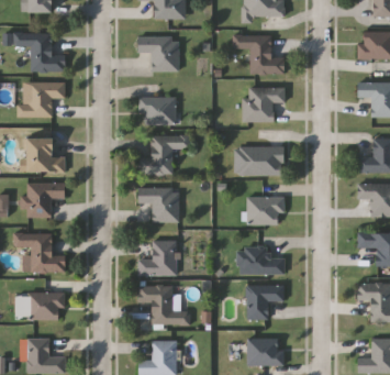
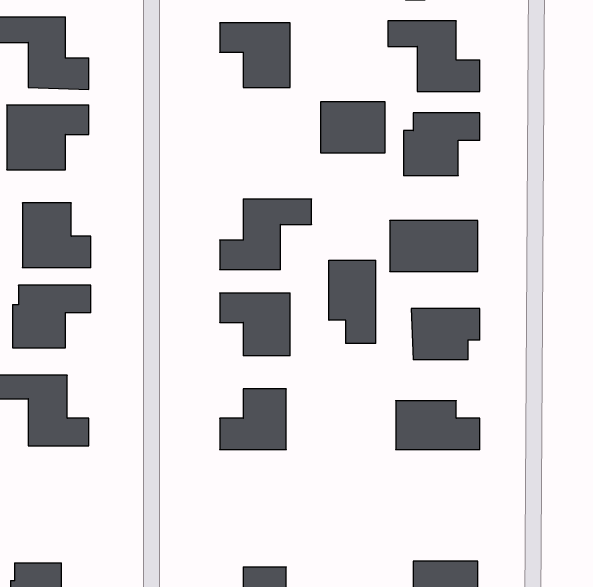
building: [141,97,177,125] -> [321,102,385,153]
building: none -> [329,260,376,343]
building: [248,284,285,319] -> none
building: [138,285,191,324] -> none
building: [29,291,66,321] -> none

